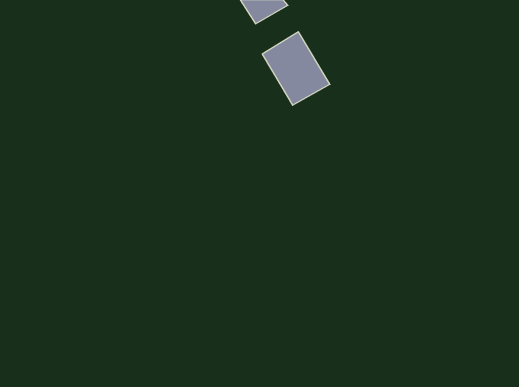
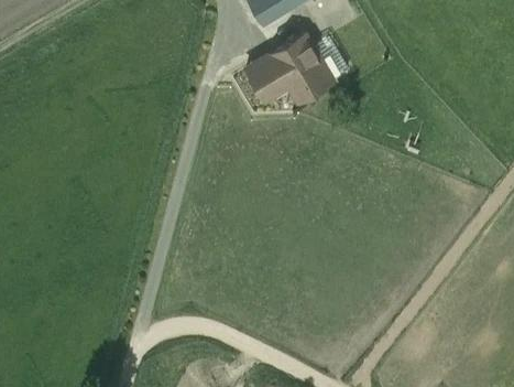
building: none -> [245,55,287,100]

